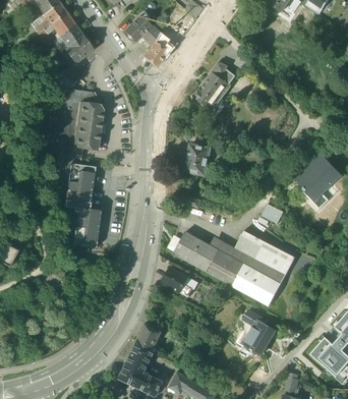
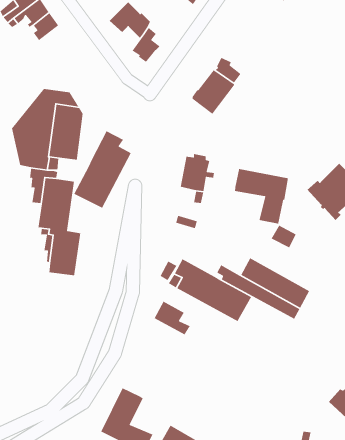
building: [61,35,94,65] -> none
building: none -> [73,130,132,209]
building: none -> [234,168,289,225]
building: [233,264,281,304] -> none
building: [242,310,277,355] -> none
building: [135,322,163,347] -> none

